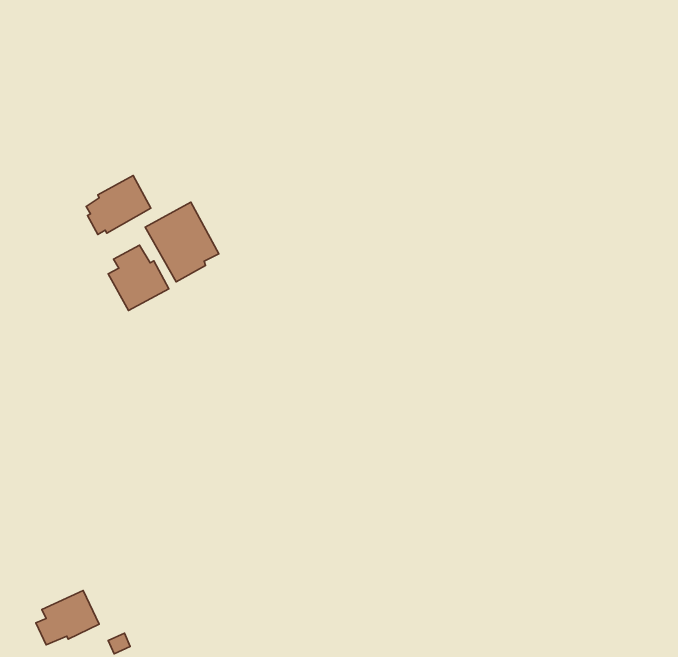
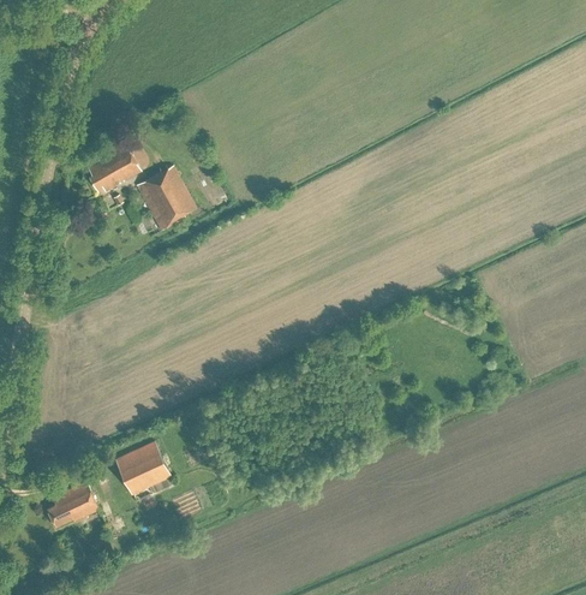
building: [108,245,169,311] -> none
building: none -> [115,442,172,495]

